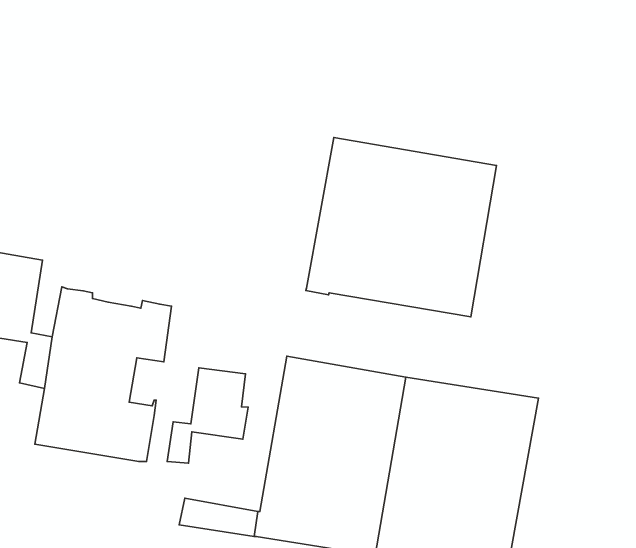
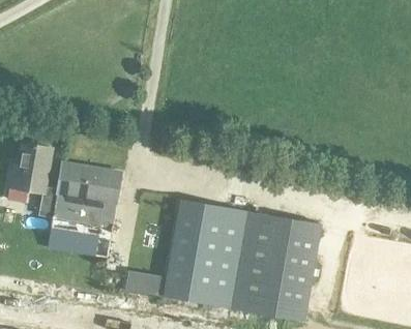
building: [306,137,496,317] -> none
building: [167,368,248,463] -> none

